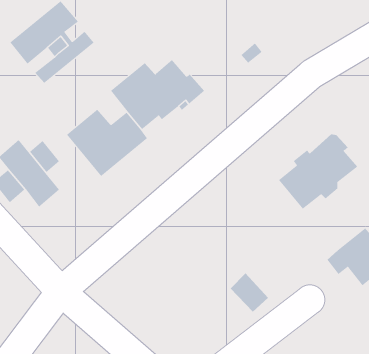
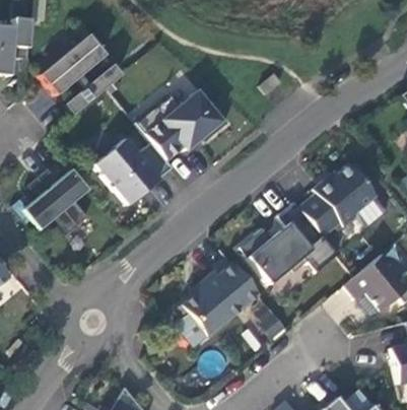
building: none -> [241,201,338,283]
building: none -> [181,262,259,335]

